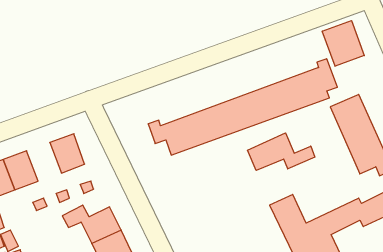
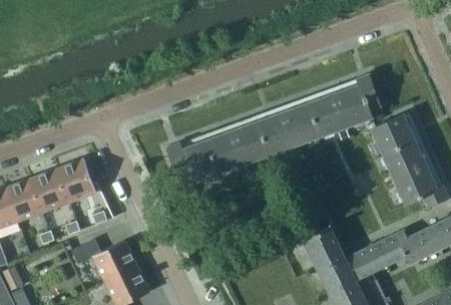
building: [322,21,364,66] -> none
building: [247,133,315,170] -> none
building: none -> [31,169,70,212]

